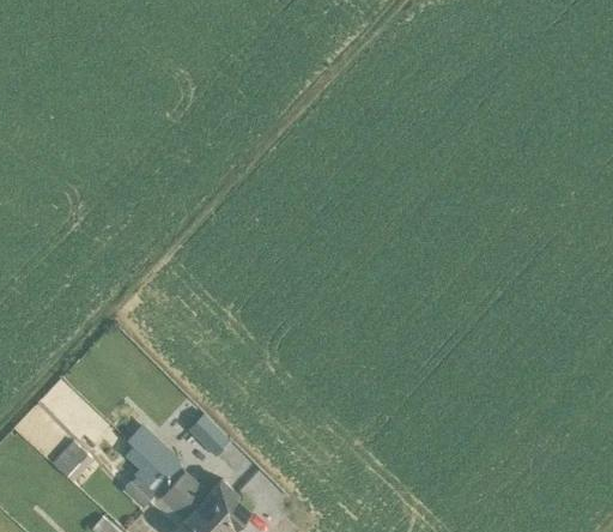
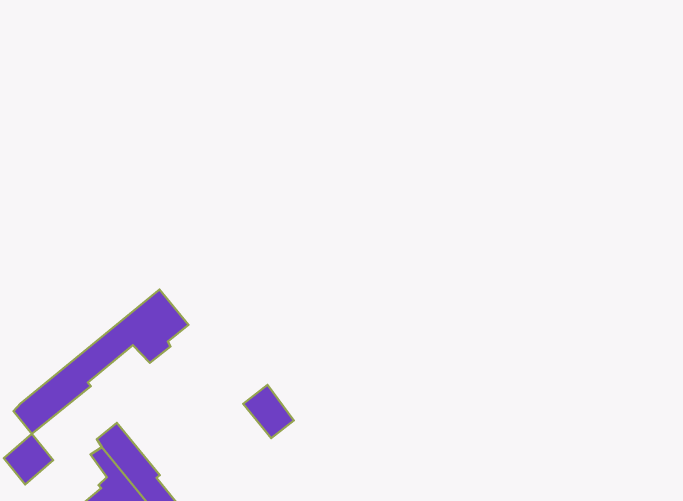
building: none -> [14,290,189,434]
building: [188,415,231,458] -> [243,385,294,438]

